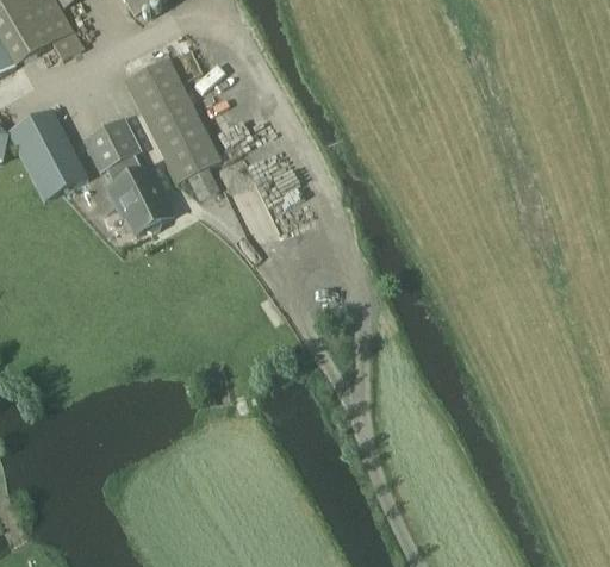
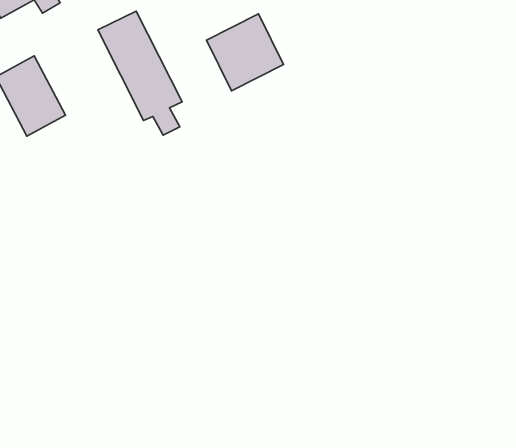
building: none -> [206,14,283,91]
building: [82,117,169,232] -> none

